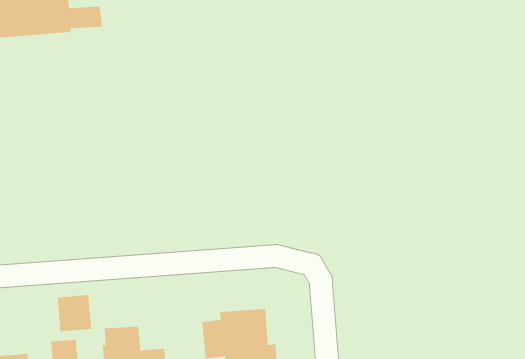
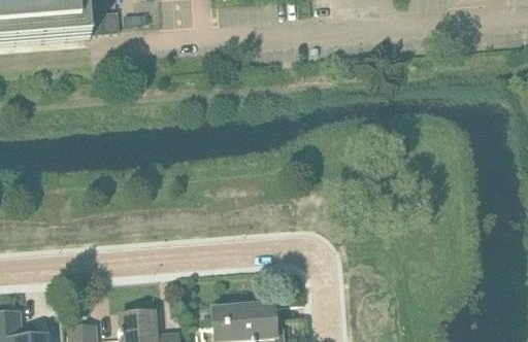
building: [57,294,92,332] -> none

